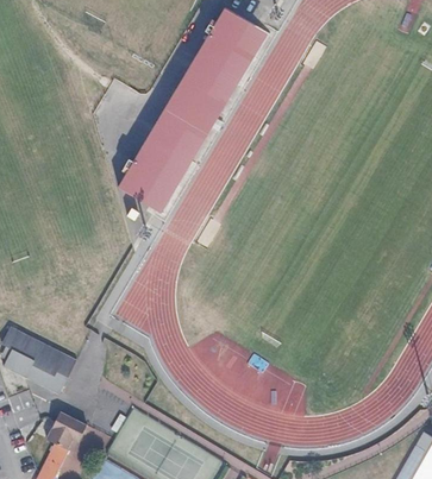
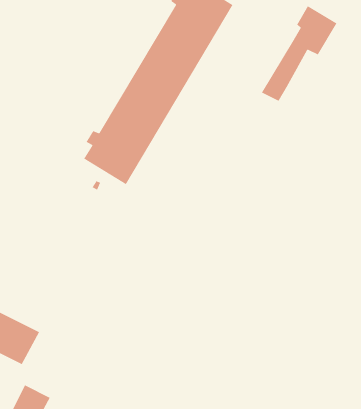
building: none -> [261,5,338,102]

